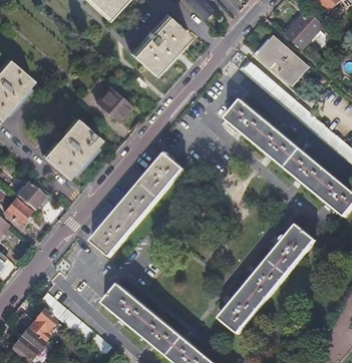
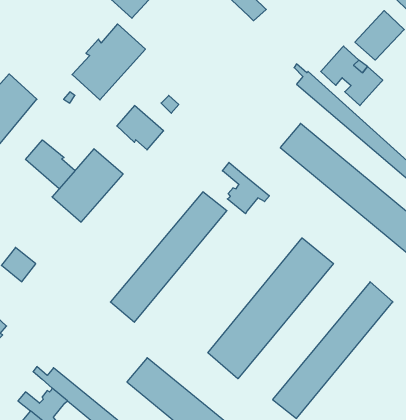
building: [130,15,189,75] -> [72,24,145,100]
building: none -> [26,140,75,189]
building: none -> [222,162,269,214]
building: [14,183,48,210] -> none
building: none -> [208,238,333,379]

